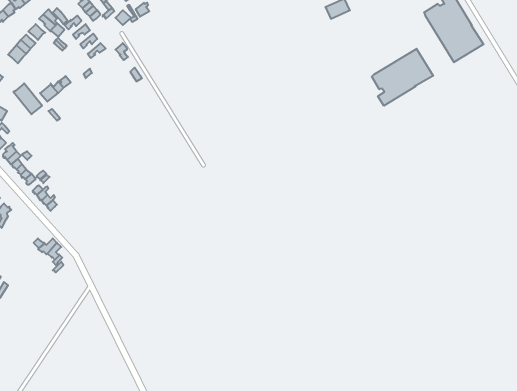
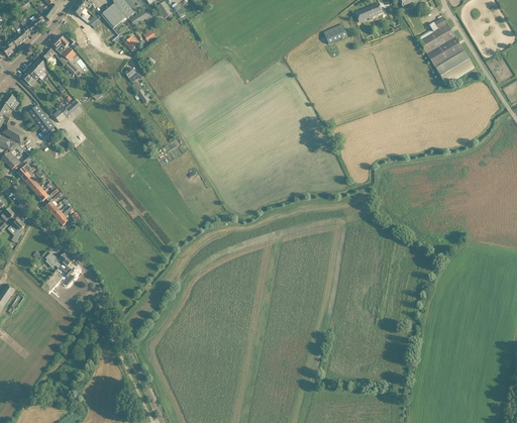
building: [372,49,433,106] -> none

